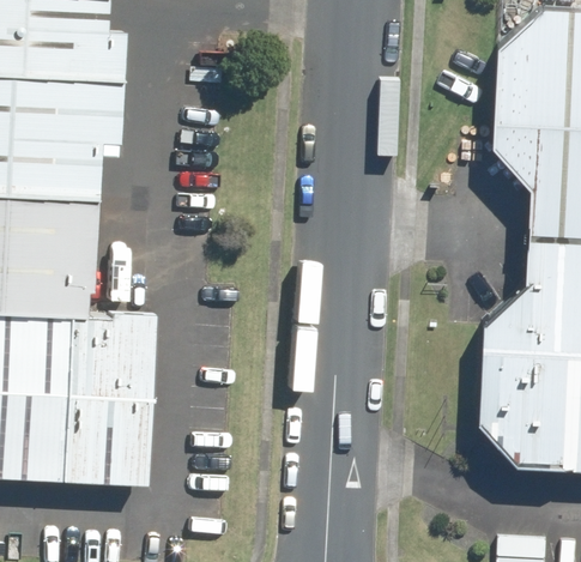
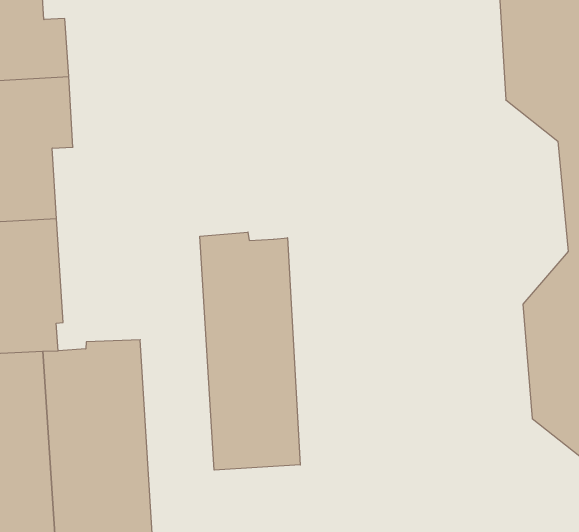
building: none -> [200,232,300,470]

